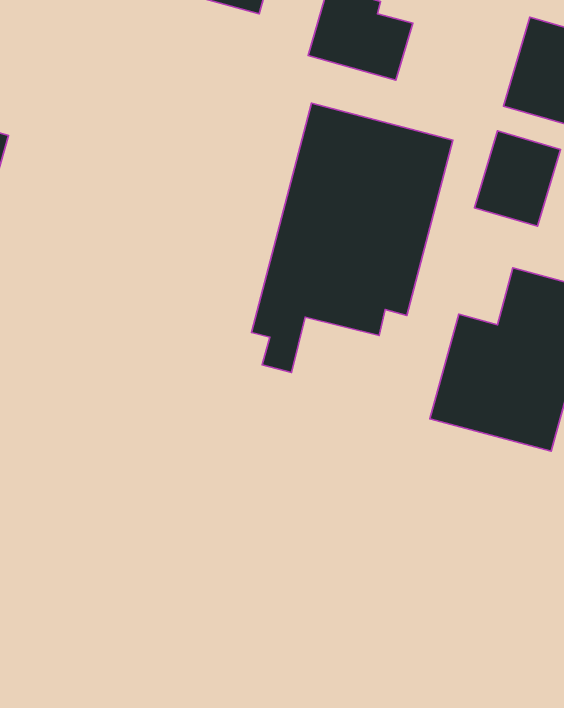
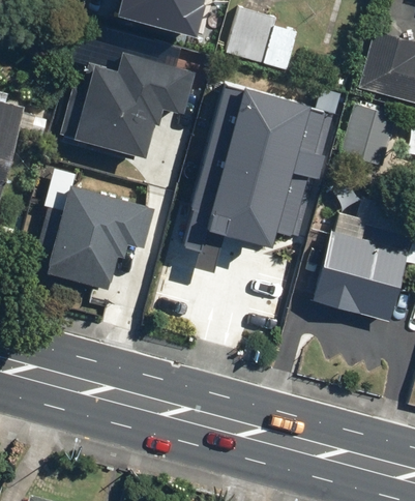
building: none -> [66,51,196,155]
building: none -> [40,179,158,284]

